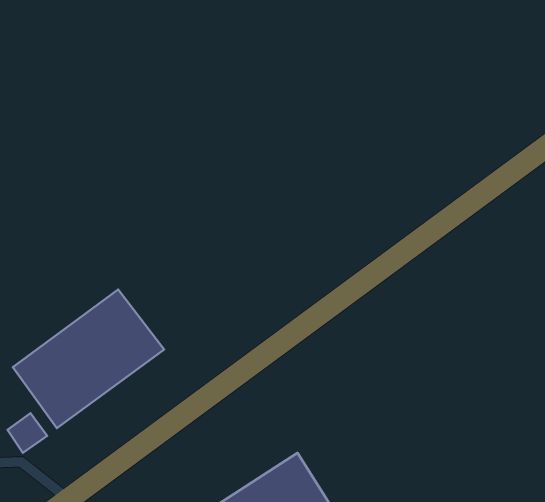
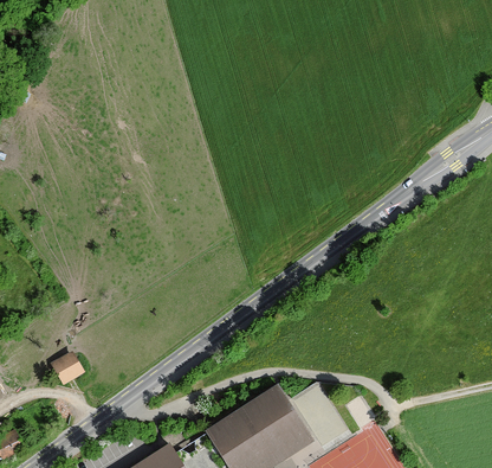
building: [13,290,164,428] -> none

